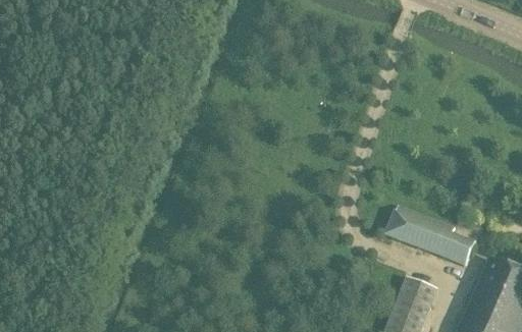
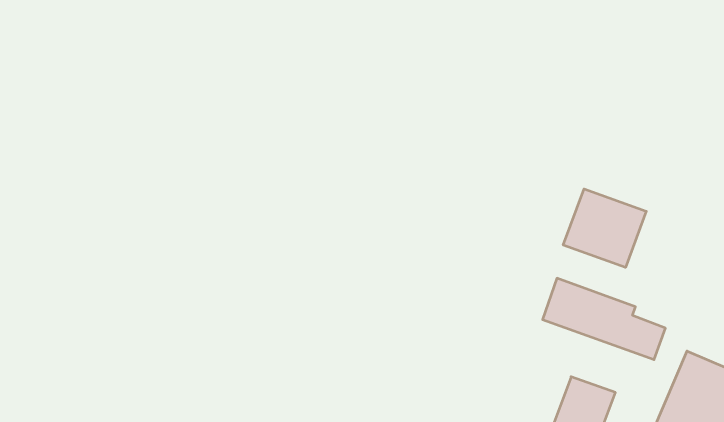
building: none -> [563,189,646,267]

